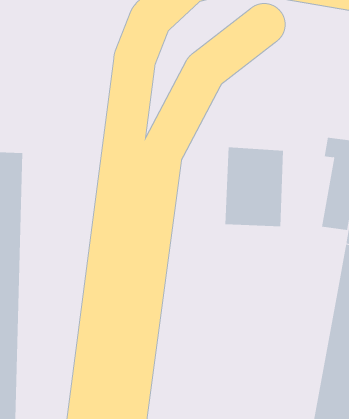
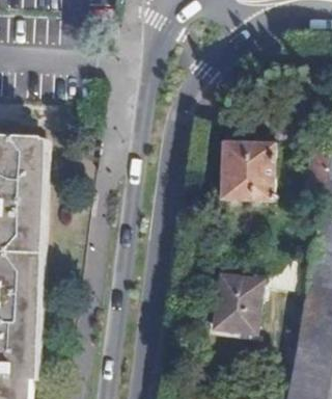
building: none -> [209,271,265,336]

